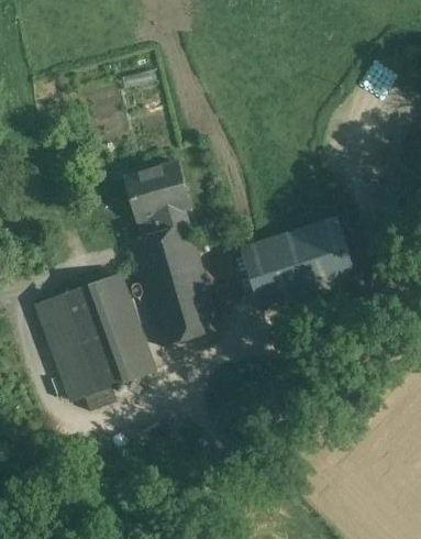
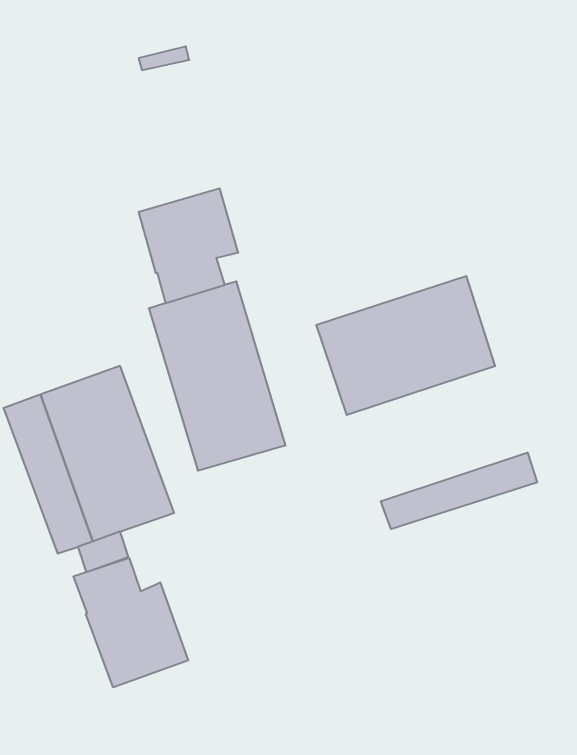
building: none -> [381,453,537,529]
building: none -> [74,558,188,687]

